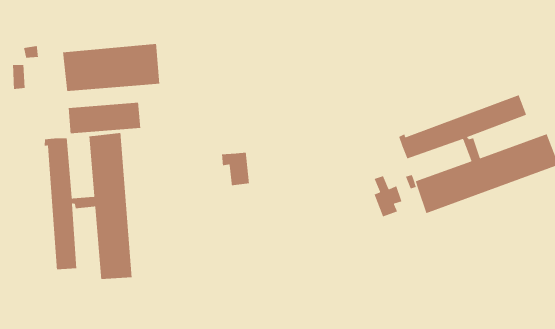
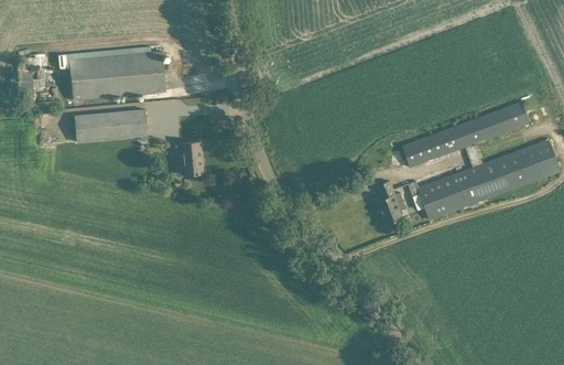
building: [44,132,133,280] -> none
building: [221,152,250,186] -> [174,141,203,175]

